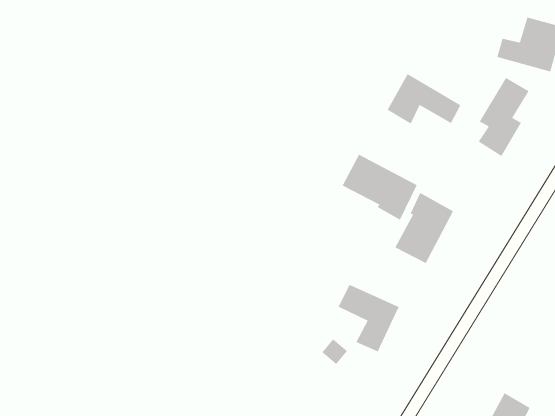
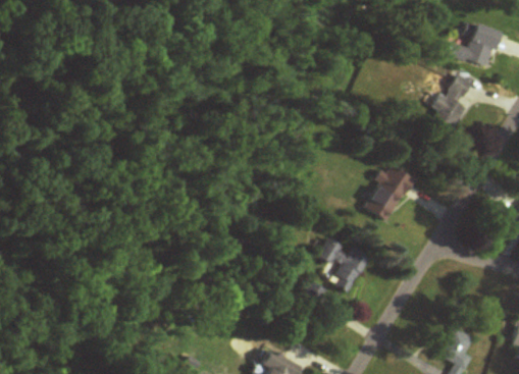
building: [387,73,461,124] -> none
building: [342,154,418,220] -> none

